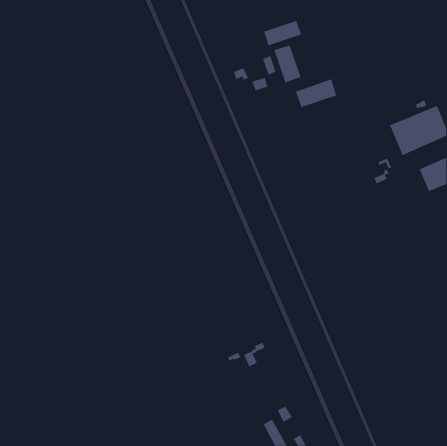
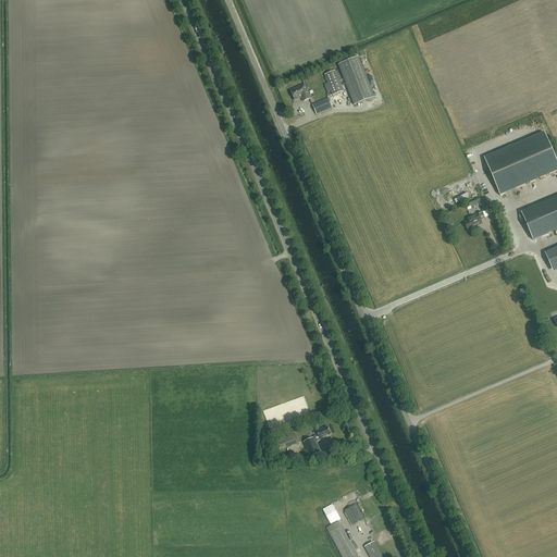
building: [263,20,302,46] -> none
building: [295,79,337,108] -> none

